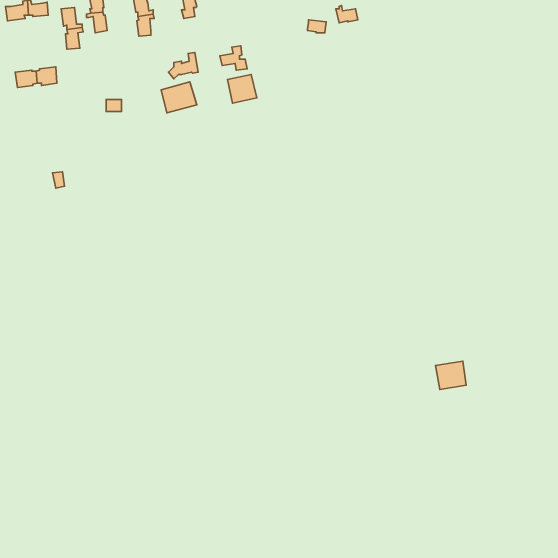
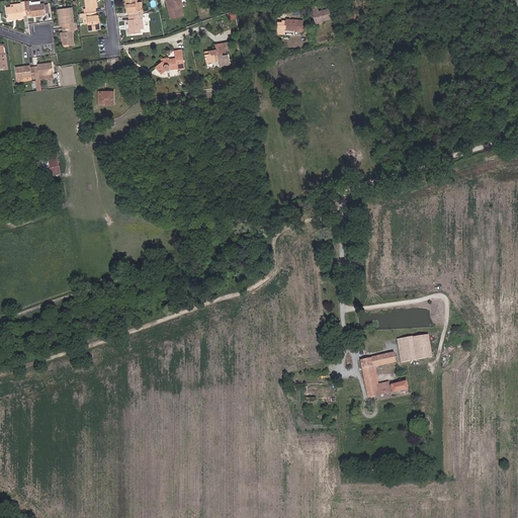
building: [228,75,257,103] -> none
building: [161,82,197,113] -> none
building: none -> [360,352,408,397]

